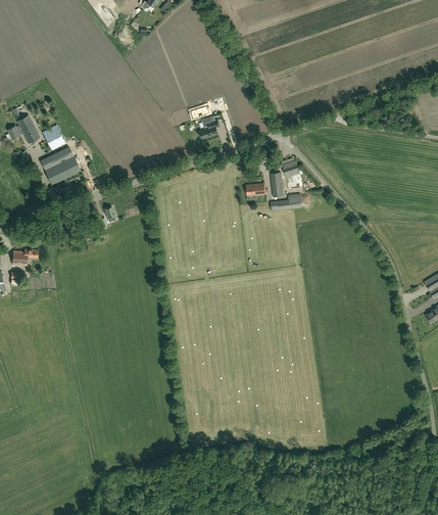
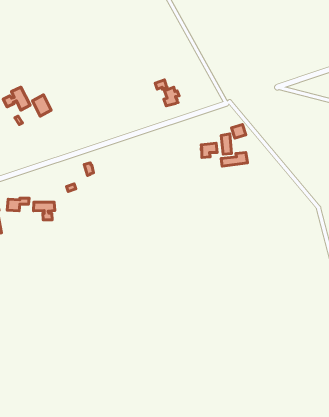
building: [41,146,81,184] -> none
building: none -> [34,202,55,220]

